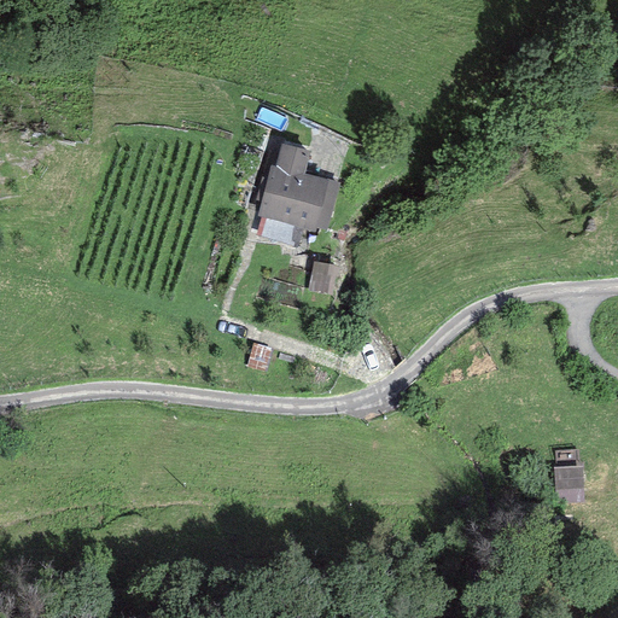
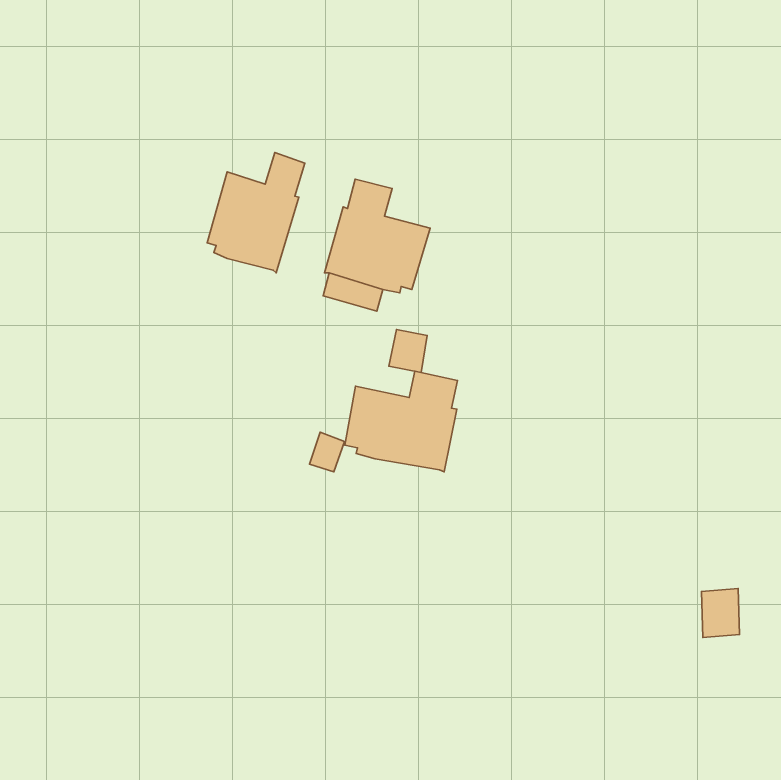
building: none -> [207,153,305,273]
building: none -> [345,371,457,472]

